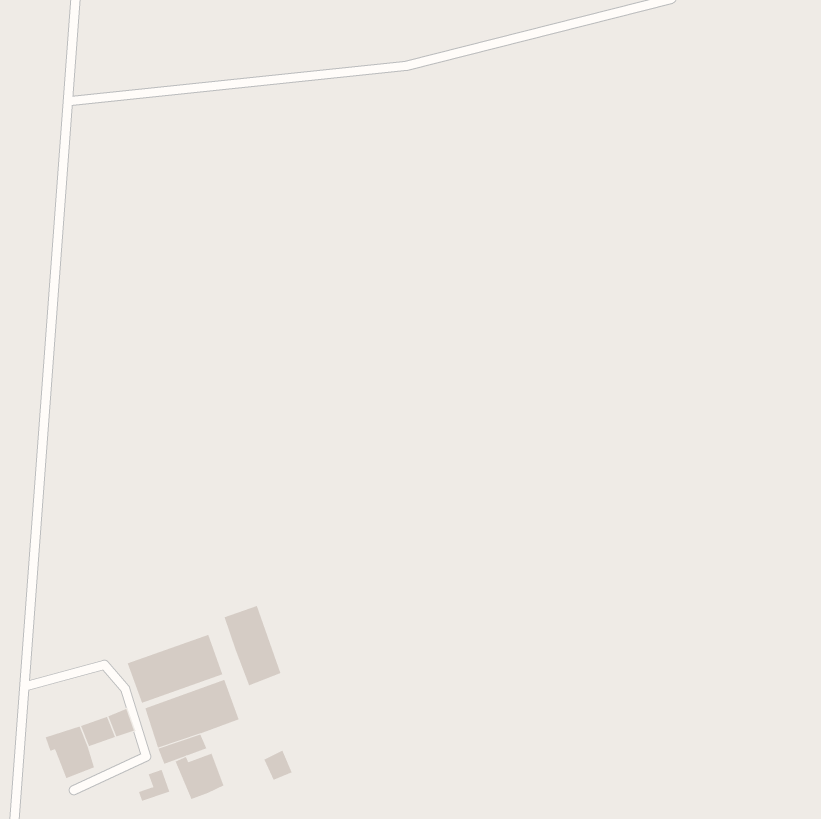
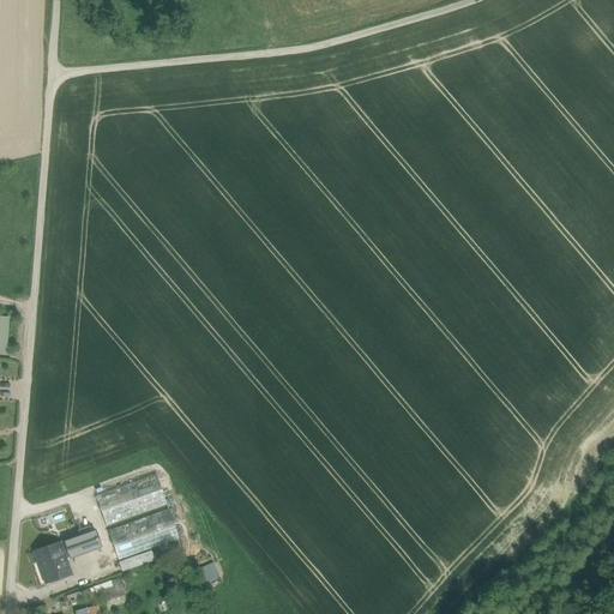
building: [224,605,281,686] -> none
building: [175,753,224,800] -> none

